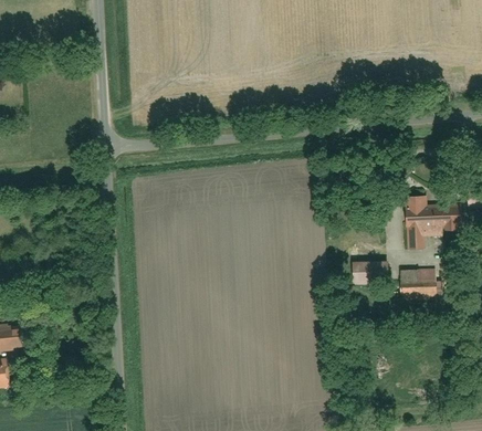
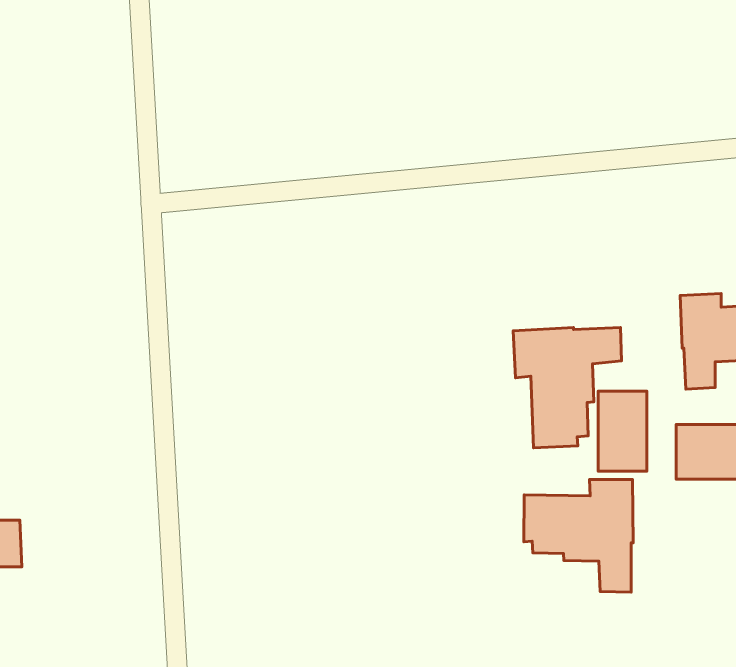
building: none -> [513,327,621,448]
building: none -> [524,480,633,592]

